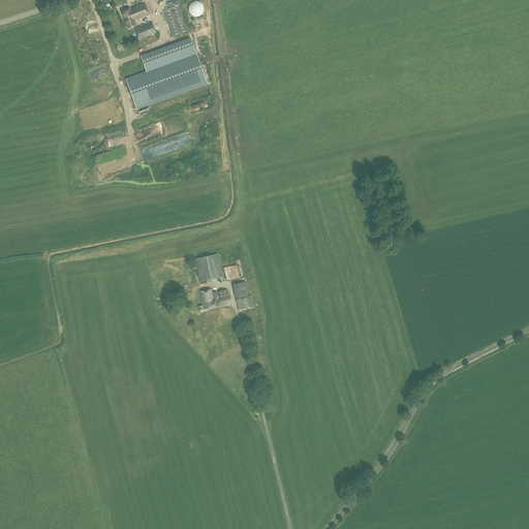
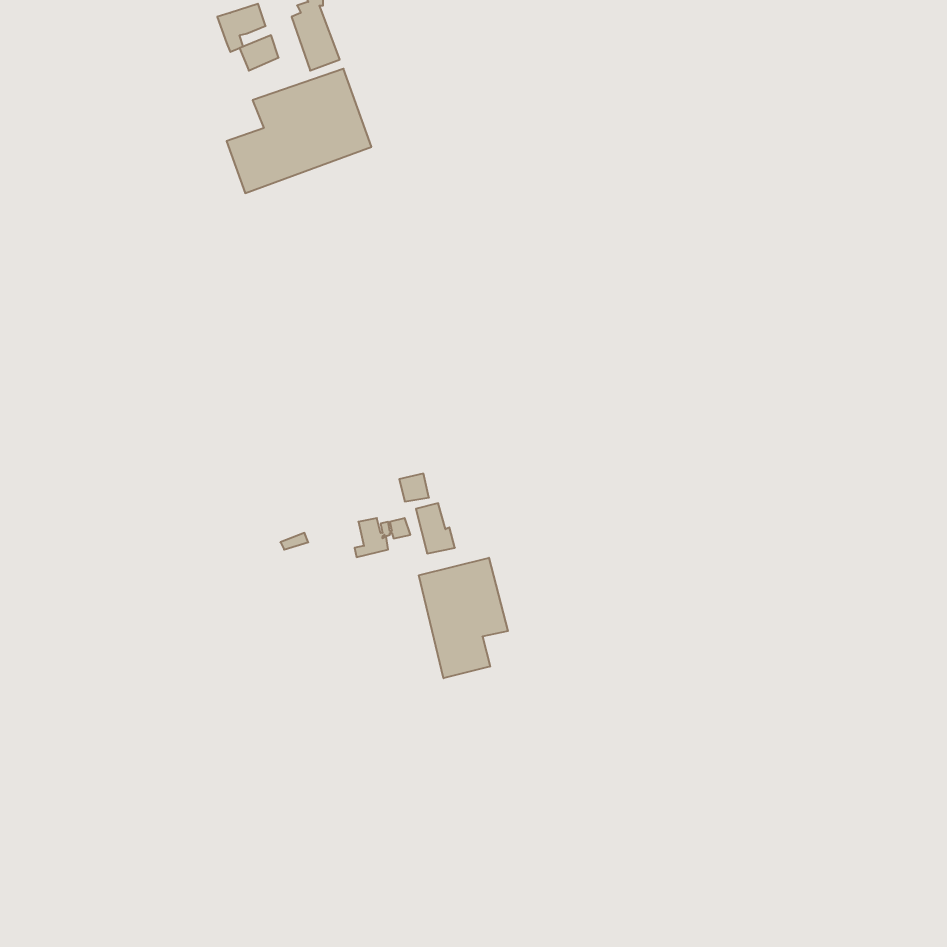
building: [194,253,222,281] -> none
building: none -> [419,558,508,678]

